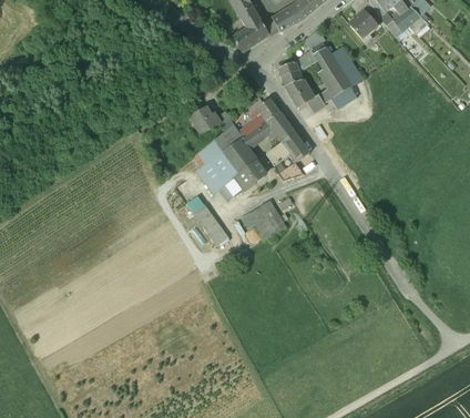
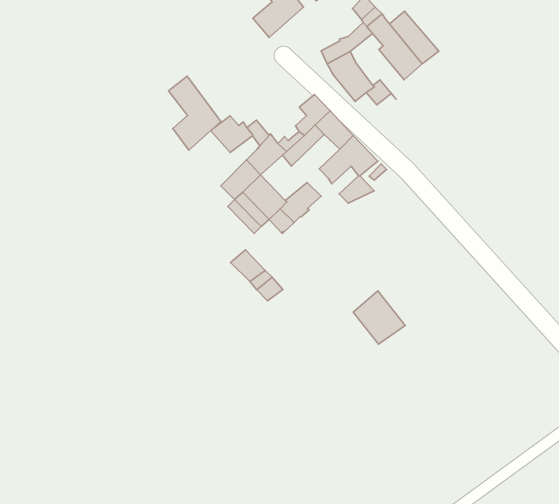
building: none -> [169,76,221,150]
building: [223,139,256,172] -> none
building: [249,198,286,237] -> [353,291,405,344]

